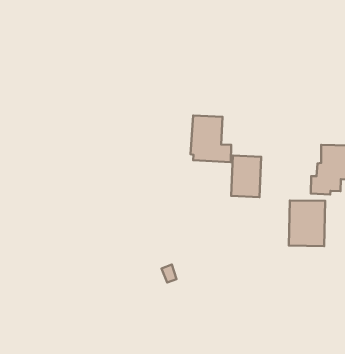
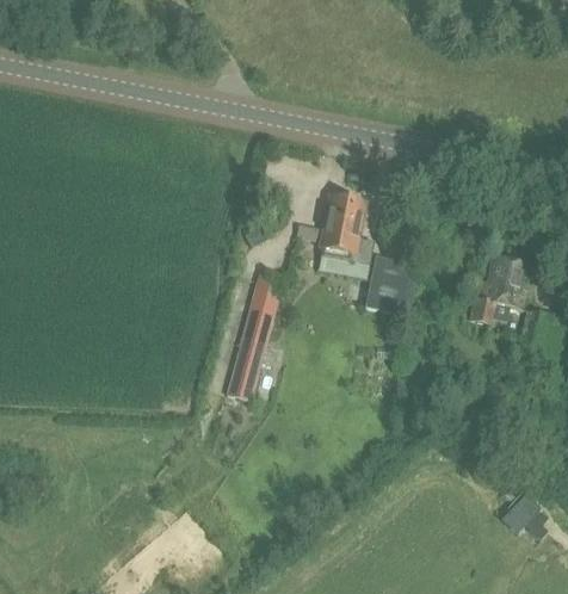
building: none -> [227,274,283,400]
building: [289,200,325,246] -> none

